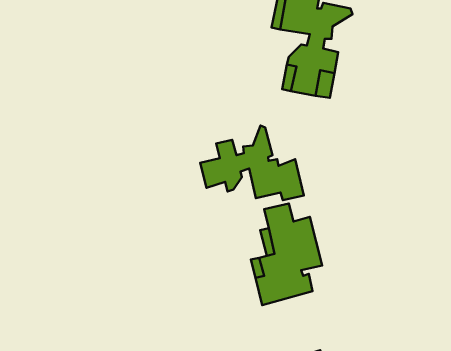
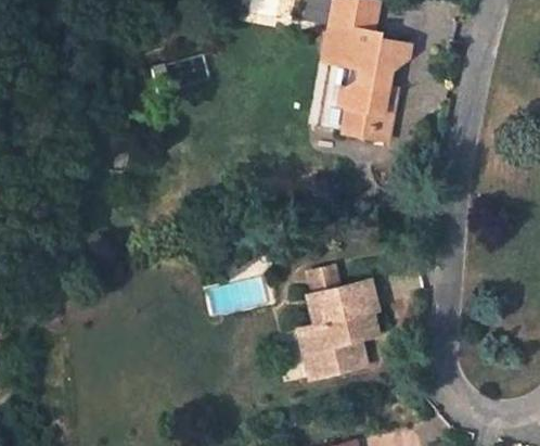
building: [200,125,304,200] -> none

